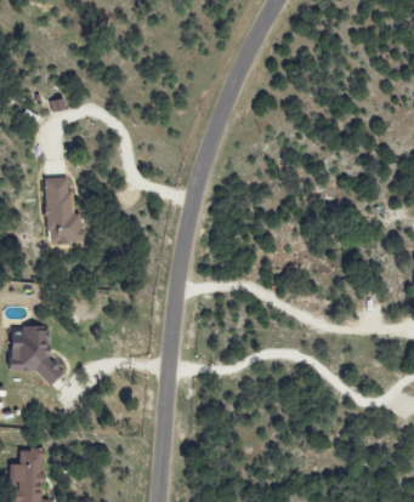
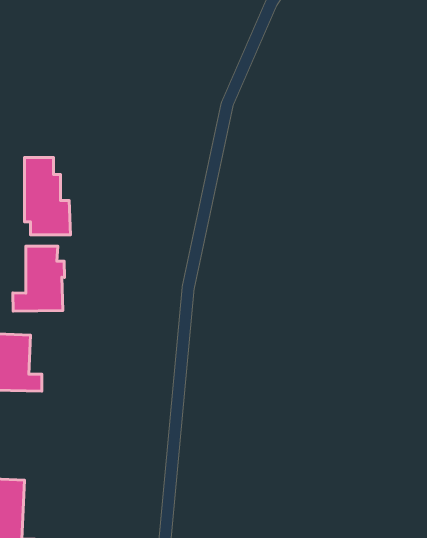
building: none -> [13,246,65,311]

